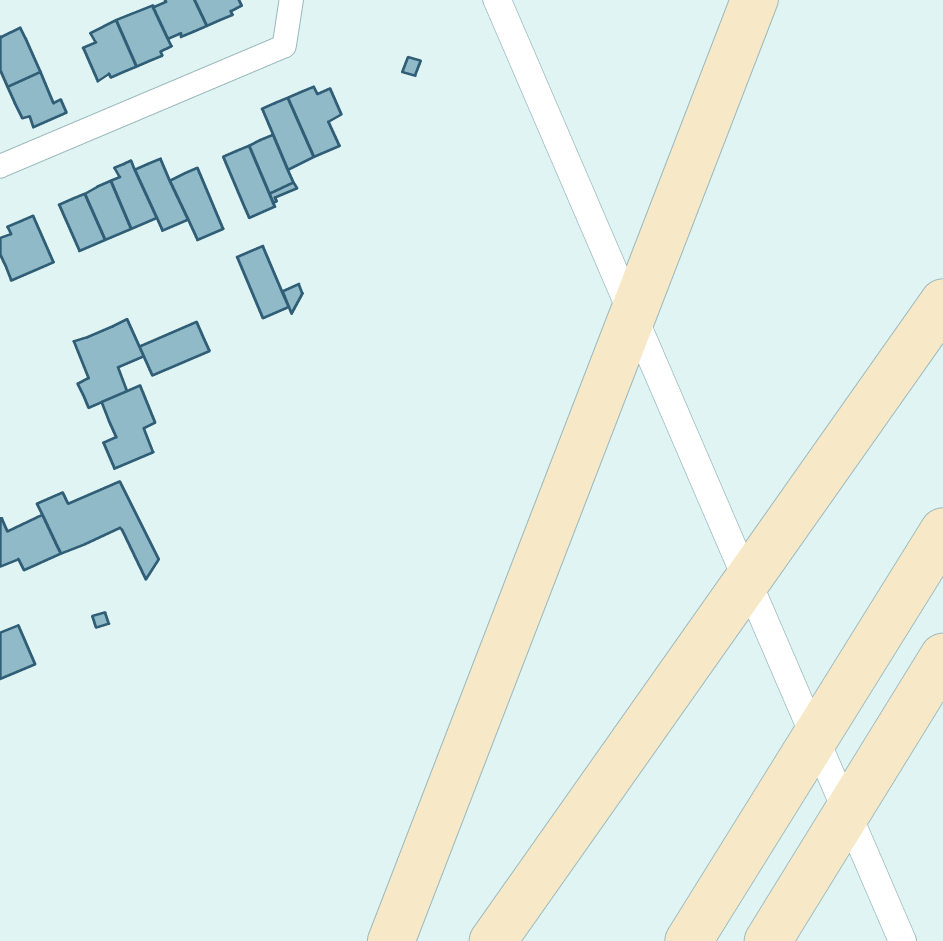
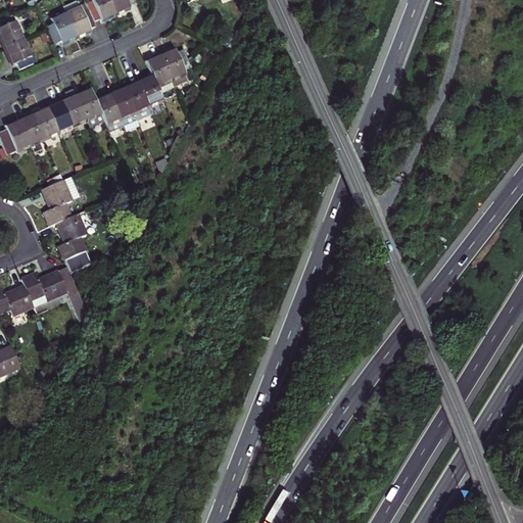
building: none -> [18,113,44,152]
building: [237,246,289,318] -> [109,87,138,127]
building: [140,322,209,375] -> none

